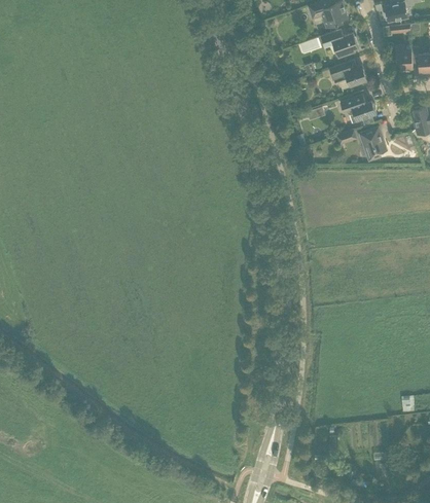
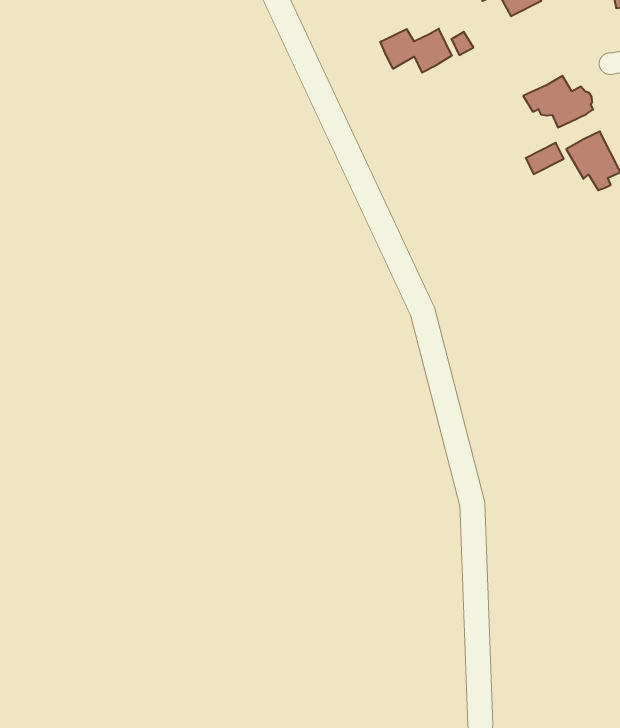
building: [328,62,366,86] -> [380,29,452,73]

